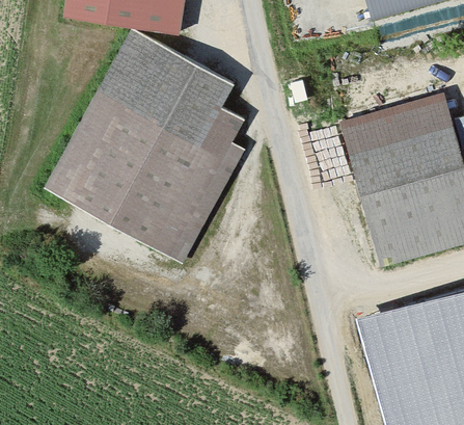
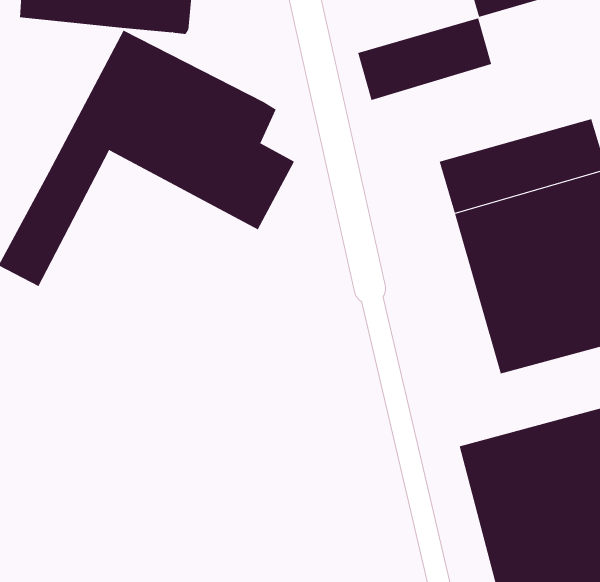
building: none -> [357,17,492,101]
building: [73,112,221,258] -> none

